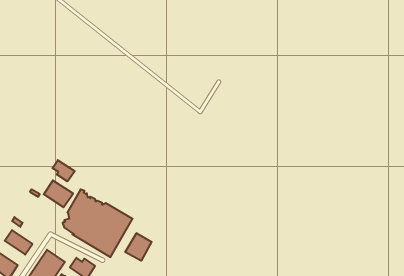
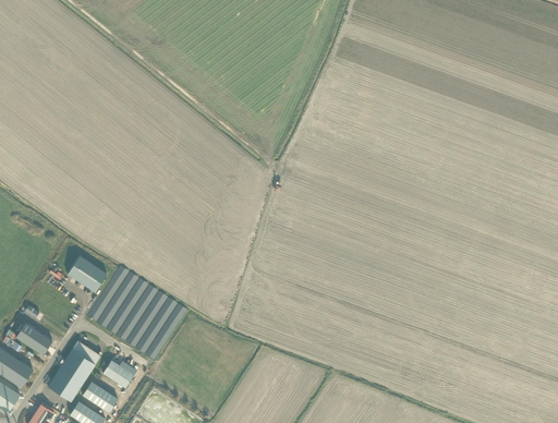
building: [52,160,75,181] -> none
building: [125,233,152,261] -> none

